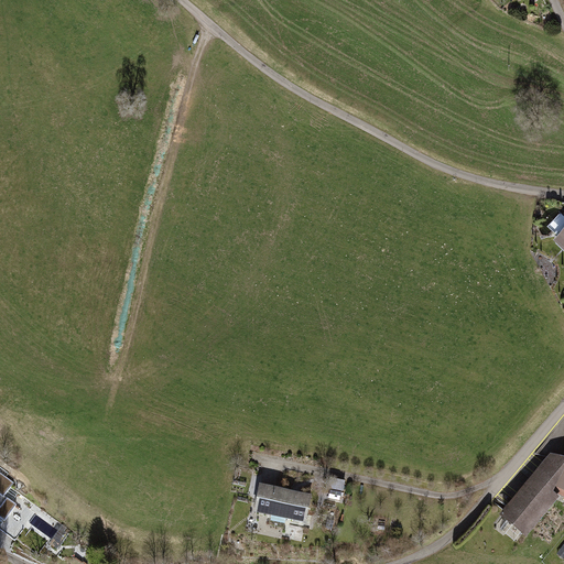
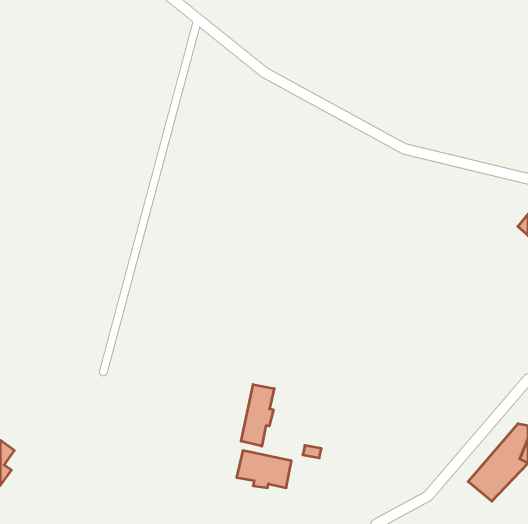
building: none -> [241,384,274,446]

